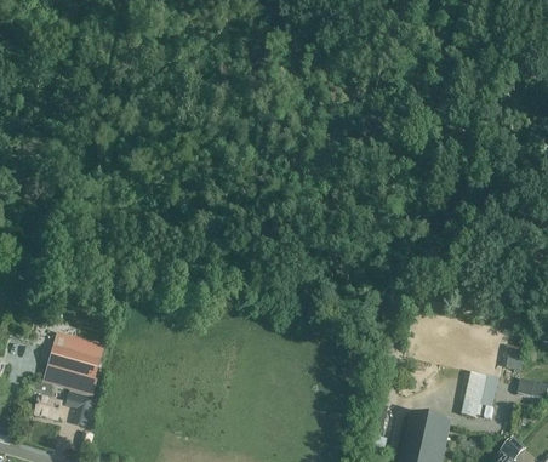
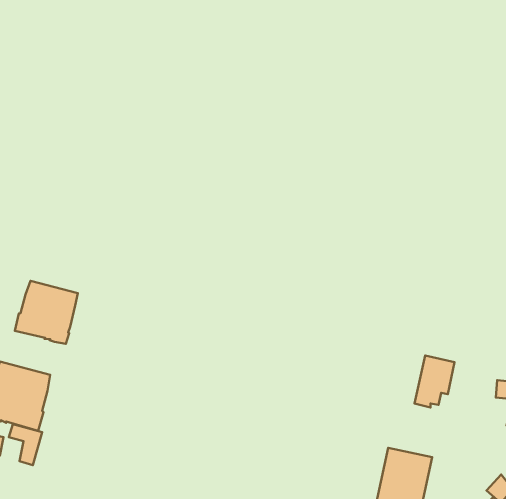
building: none -> [15,281,78,344]
building: [461,369,497,416] -> [415,356,455,408]

